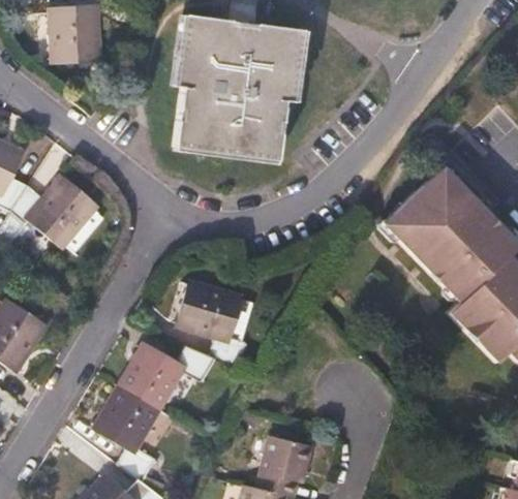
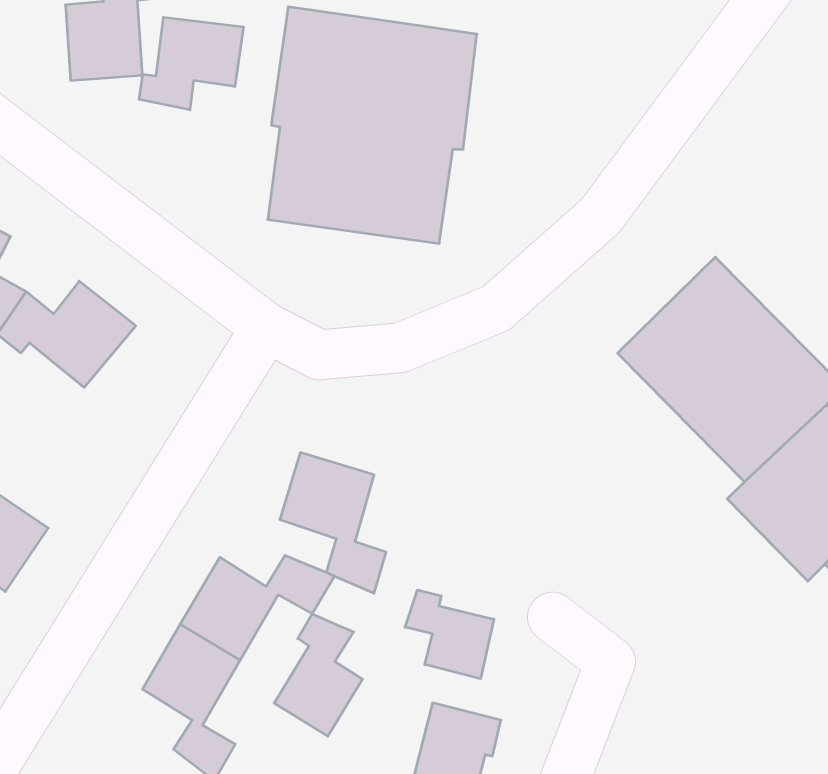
building: none -> [139,17,243,110]
building: none -> [405,590,494,679]
building: none -> [274,614,363,736]

